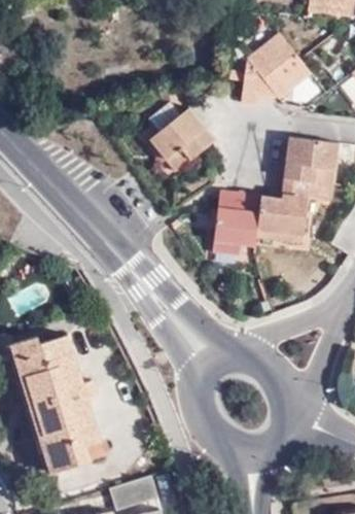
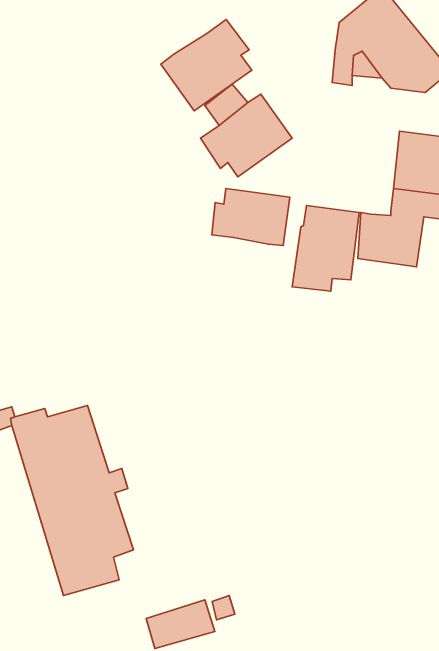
building: none -> [161,20,252,111]
building: none -> [212,188,290,246]

